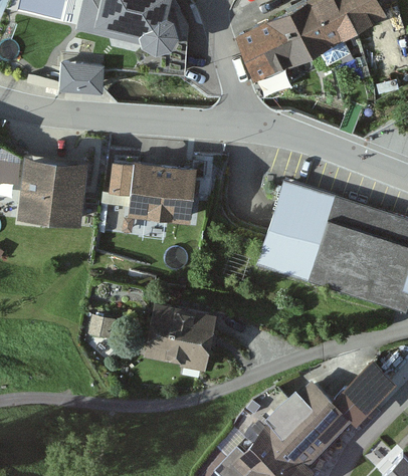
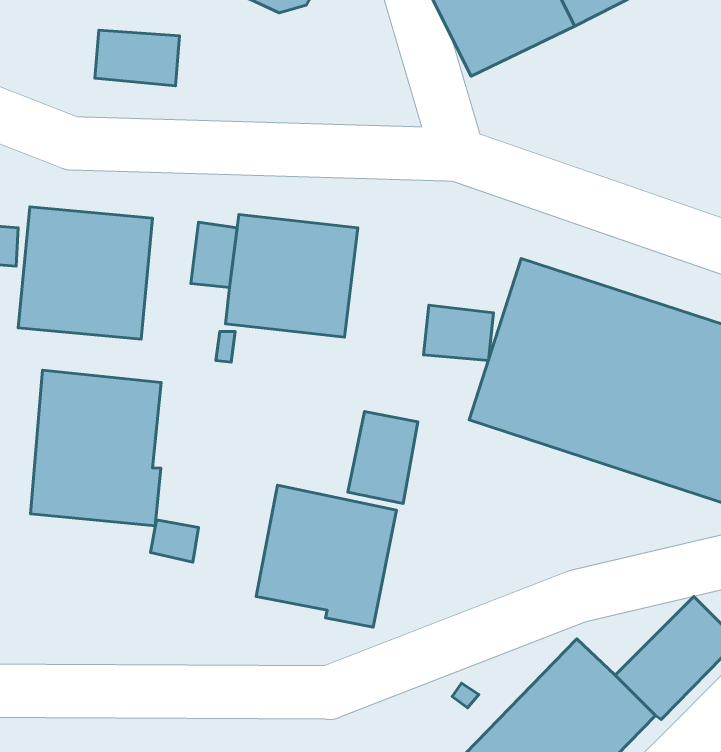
building: none -> [423,305,494,361]
building: none -> [30,370,161,526]
building: none -> [348,411,418,503]

